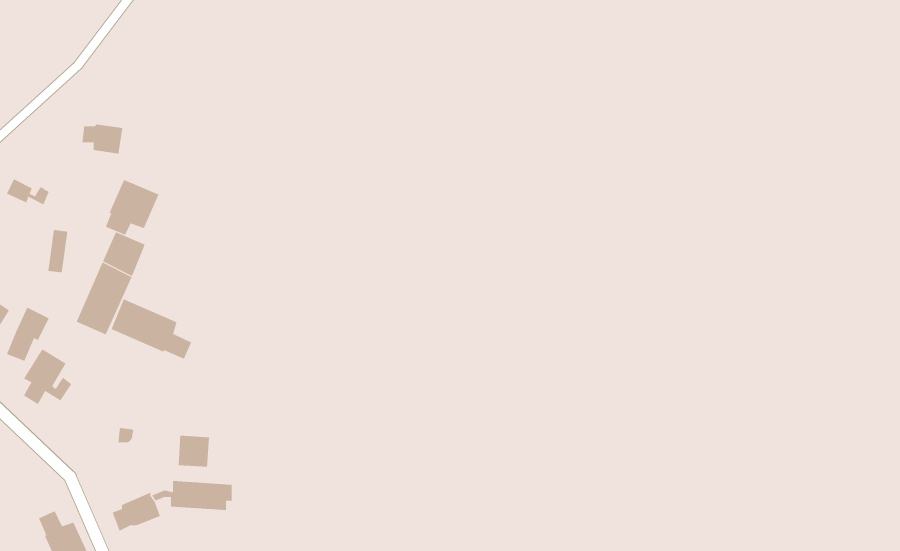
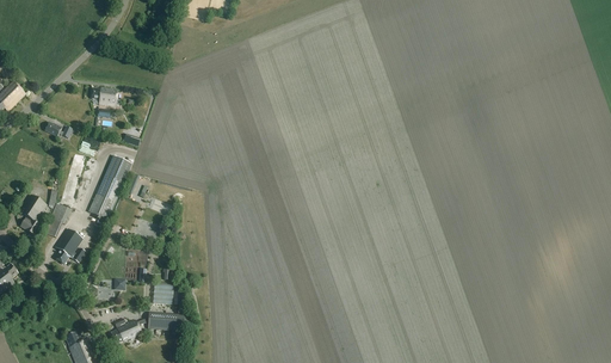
building: [105,179,159,236] -> none
building: [111,298,192,360] -> none

